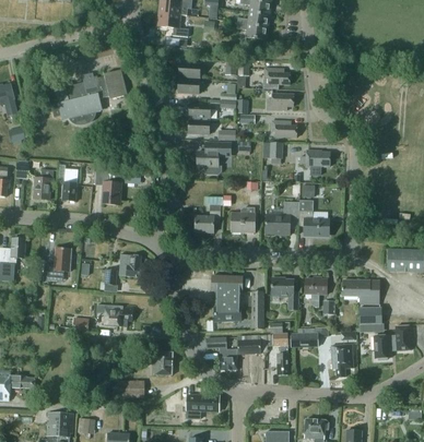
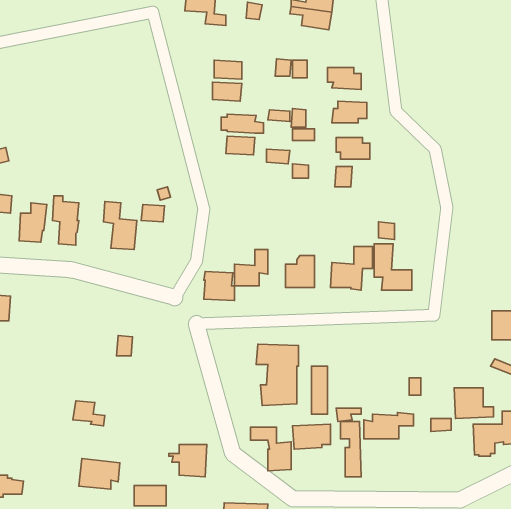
building: [51,68,127,123] -> none
building: [196,141,229,172] -> none
building: [299,148,329,174] -> none
building: [46,248,70,280] -> none
building: [119,254,142,276] -> [204,271,234,301]
building: [270,276,296,308] -> none
building: [304,278,326,307] -> none
building: [342,278,379,304] -> none
building: [103,303,133,326] -> [79,458,120,489]
building: [330,344,352,377] -> none

